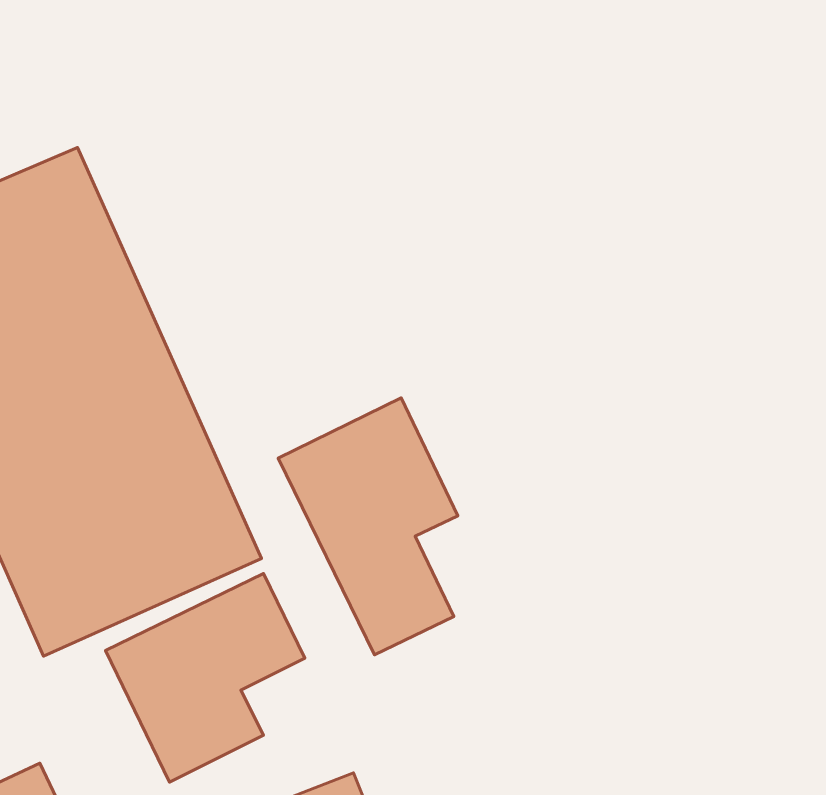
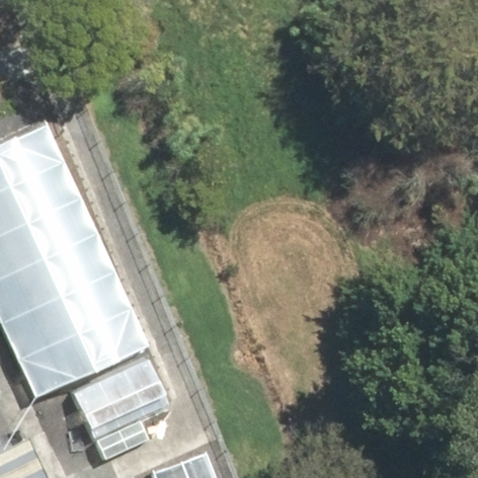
building: [278,398,458,655] -> none

